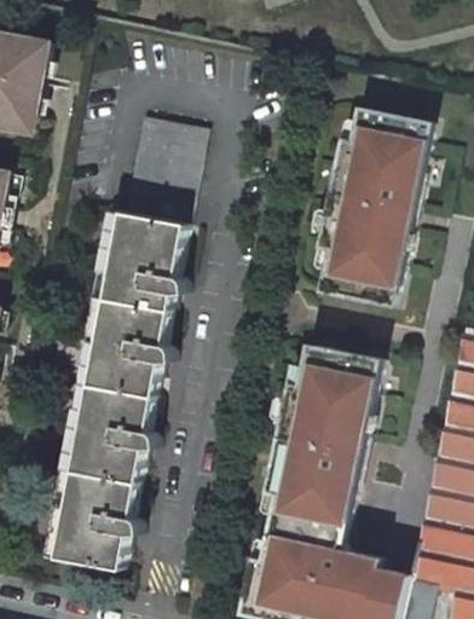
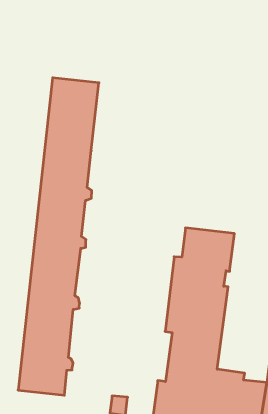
building: [323,108,430,305] -> none

